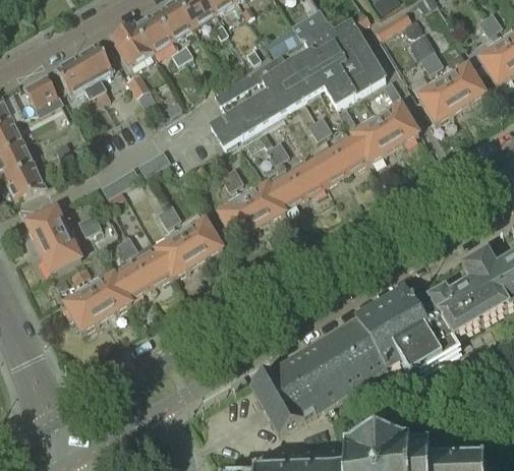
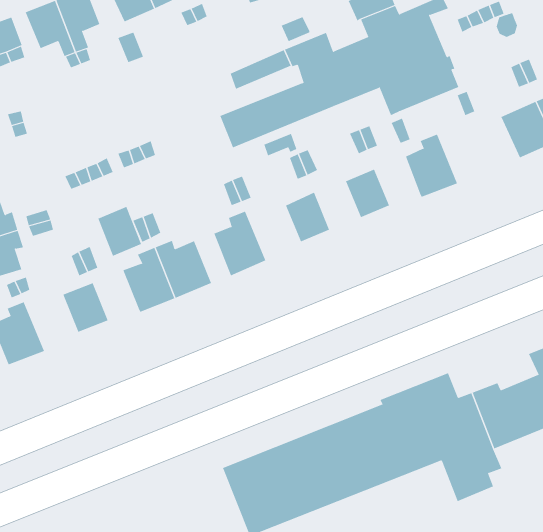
building: [373,105,417,149] -> none
building: [330,134,365,172] -> none
building: [288,159,325,196] -> none
building: [239,183,284,226] -> none
building: [134,248,170,287] -> [97,206,142,256]
building: [85,273,130,316] -> none

